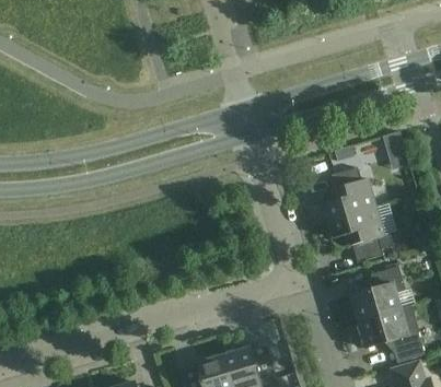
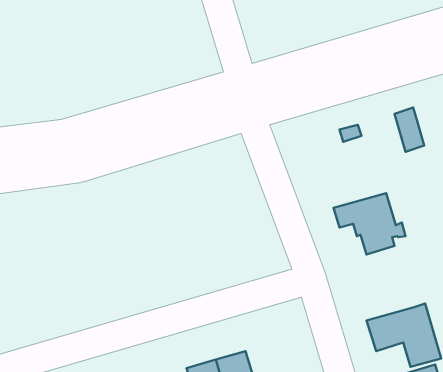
building: [324,166,375,220] -> none
building: [350,266,406,320] -> none

